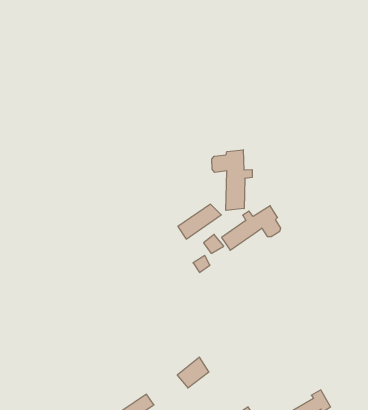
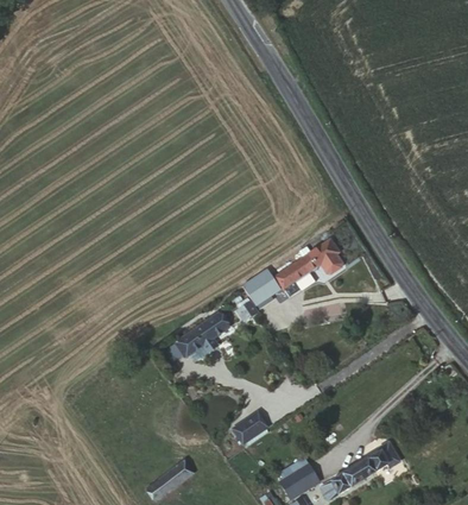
building: [212,150,252,210] -> none
building: [178,204,221,239] -> [175,316,223,355]

